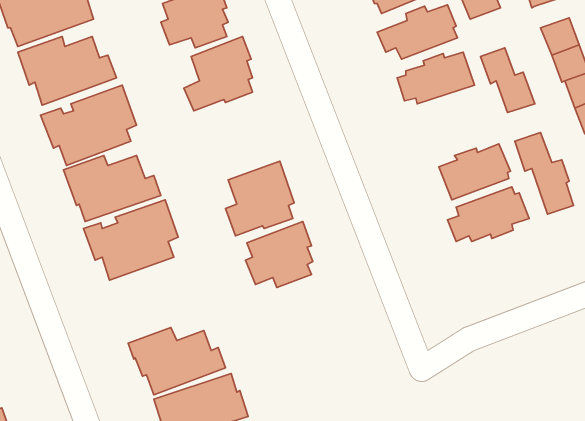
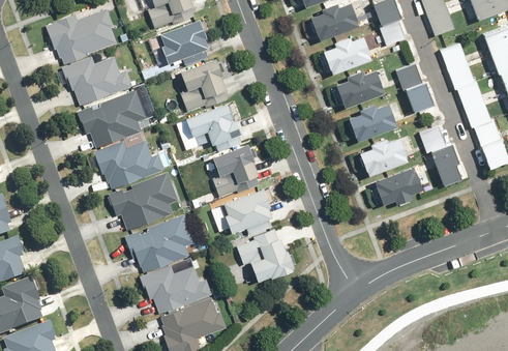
building: none -> [349,99,401,138]
building: none -> [183,105,241,151]
building: none -> [123,215,192,272]
building: none -> [234,230,298,283]

